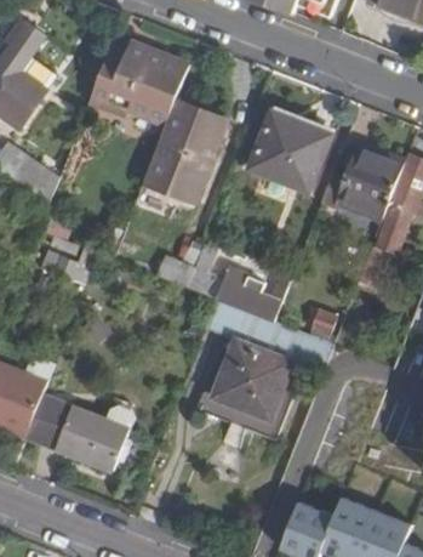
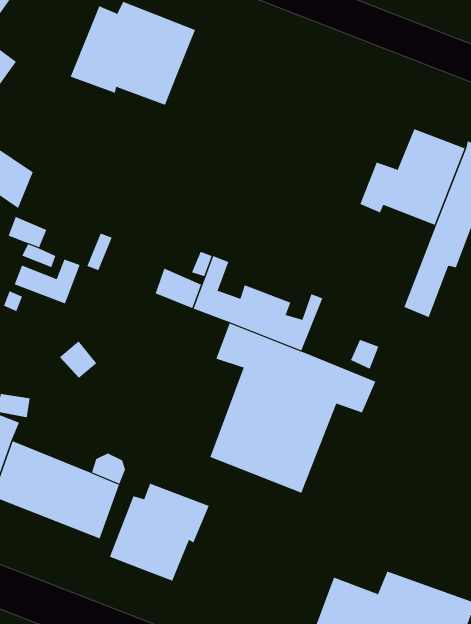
building: [142,101,225,204] -> none
building: [248,110,328,188] -> none
building: none -> [109,483,209,582]

